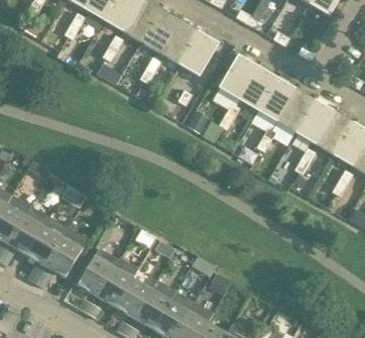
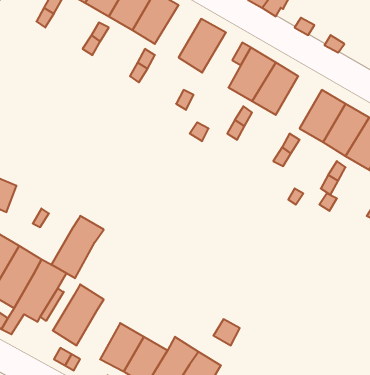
building: [160,21,198,64] -> none
building: [258,79,295,121] -> none
building: [97,257,139,308] -> [51,216,104,278]

